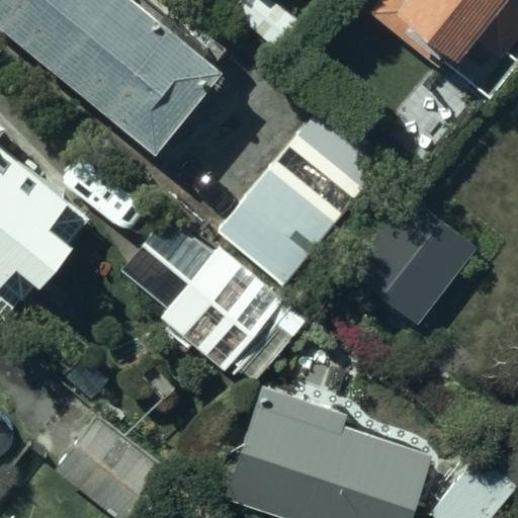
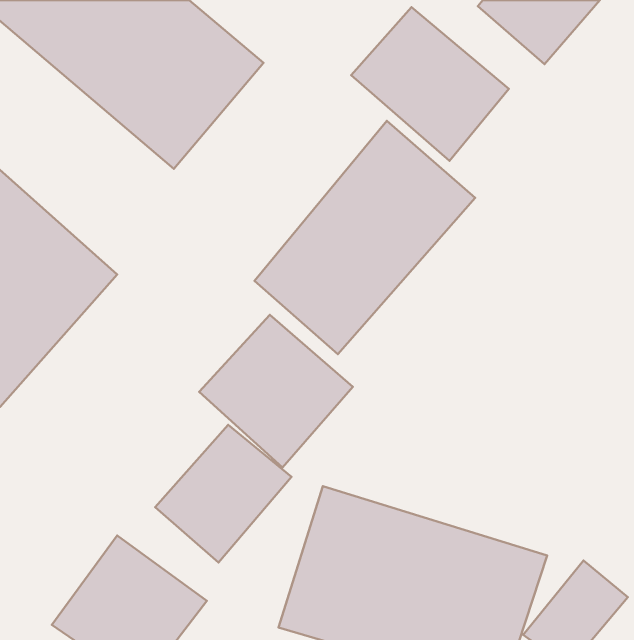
building: none -> [351,7,509,161]
building: [343,200,477,335] -> none
building: none -> [155,425,292,563]

